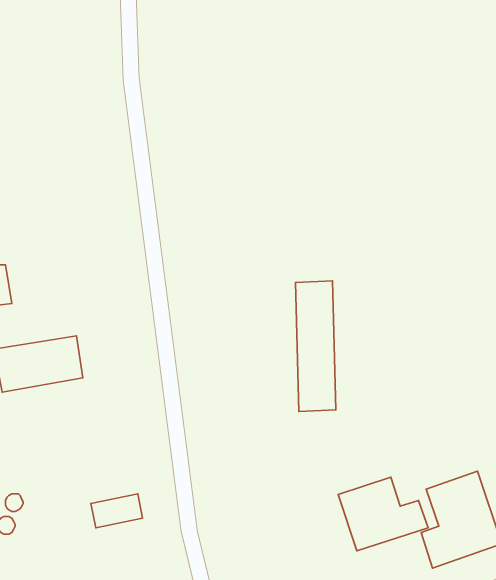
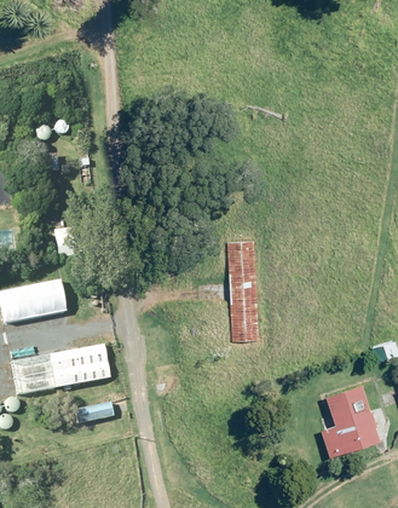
building: none -> [10,344,109,396]
building: [338,477,428,551] -> none

